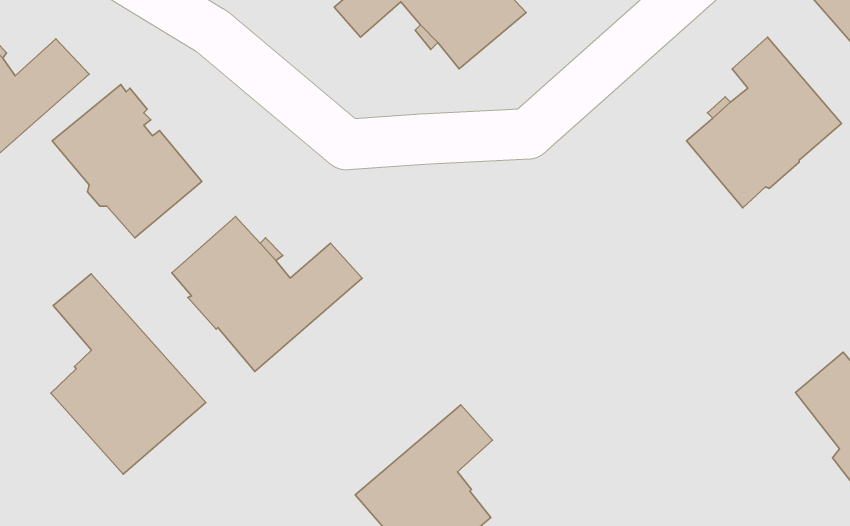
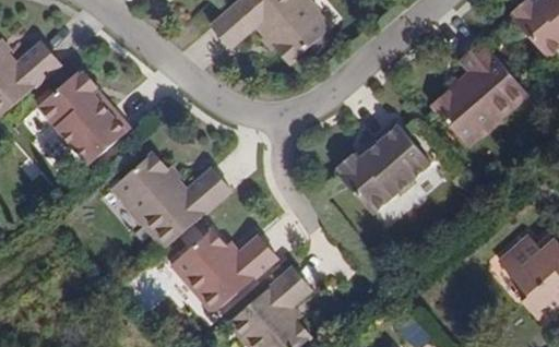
building: none -> [336,121,431,214]
building: [51,274,206,474] -> none
building: none -> [171,230,278,314]

